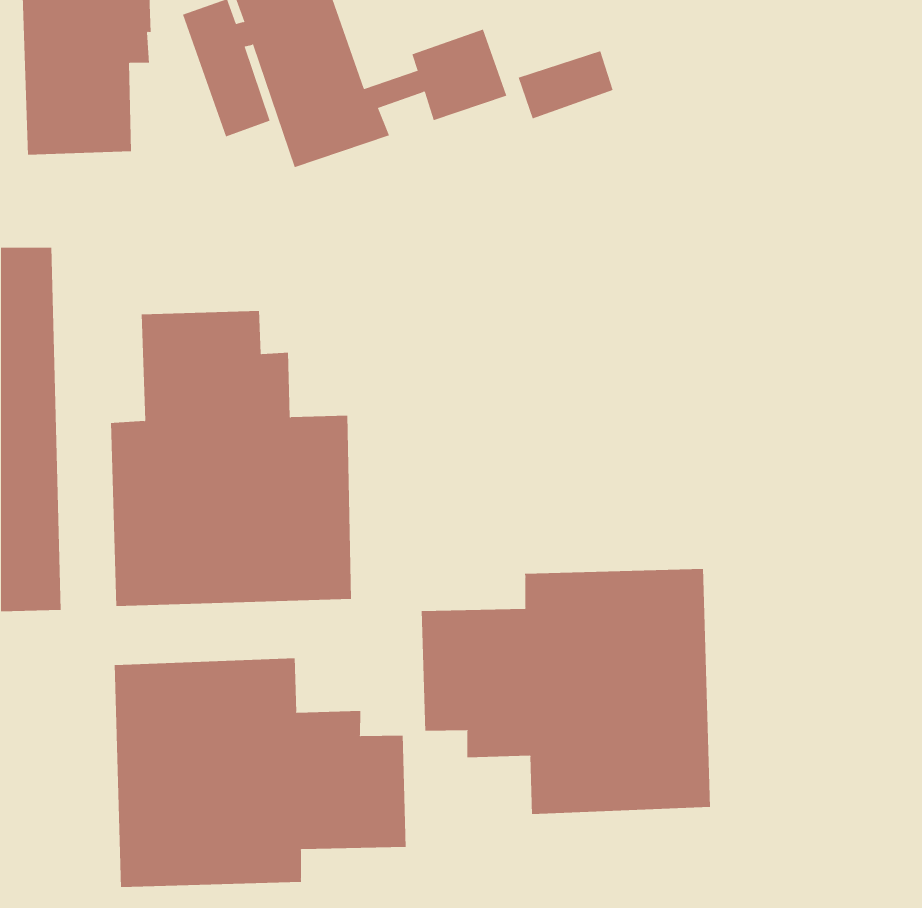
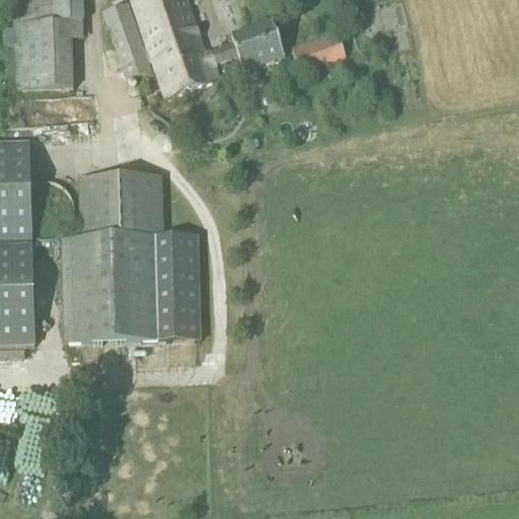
building: [421,568,710,815] -> none
building: [114,657,406,888] -> none

